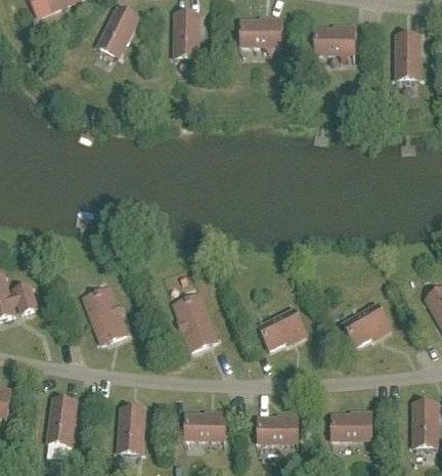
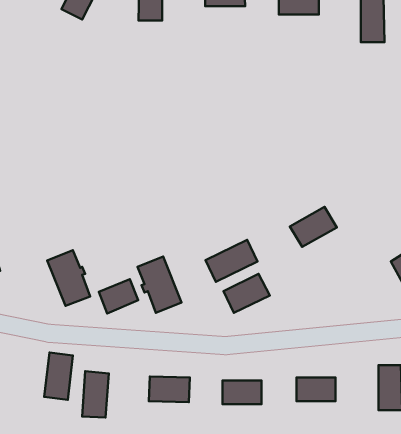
building: none -> [205,240,258,282]
building: [343,305,390,345] -> [290,207,337,247]
building: none -> [99,279,138,314]
building: [47,398,76,445] -> [44,353,73,400]

